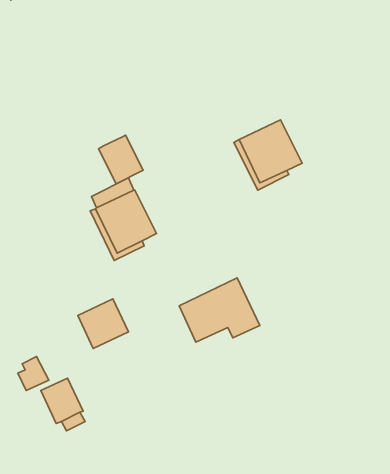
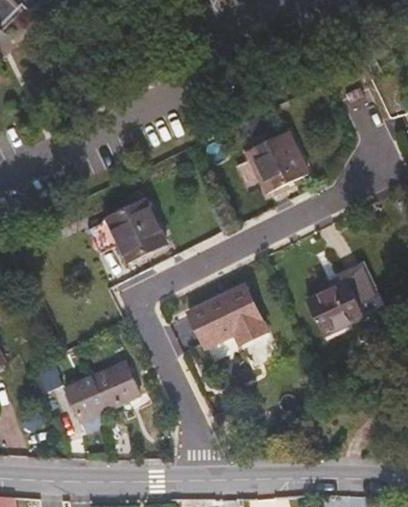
building: [99,135,143,184] -> none
building: none -> [306,265,375,336]
building: [78,299,128,348] -> [80,366,129,414]

